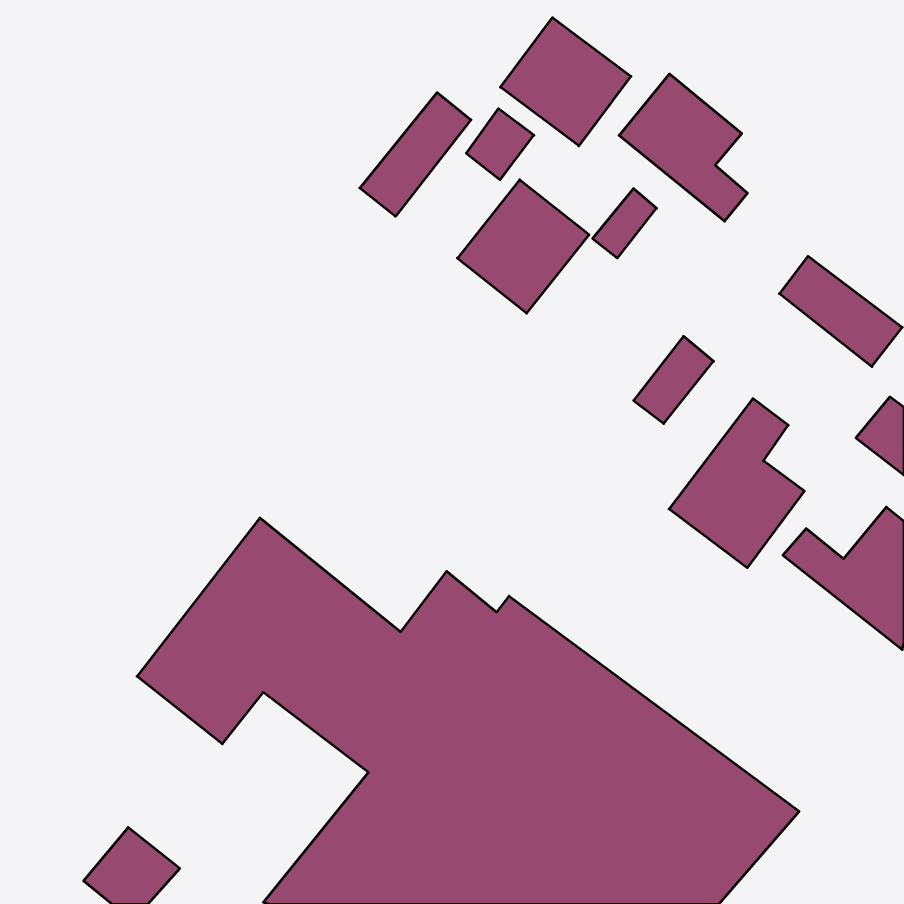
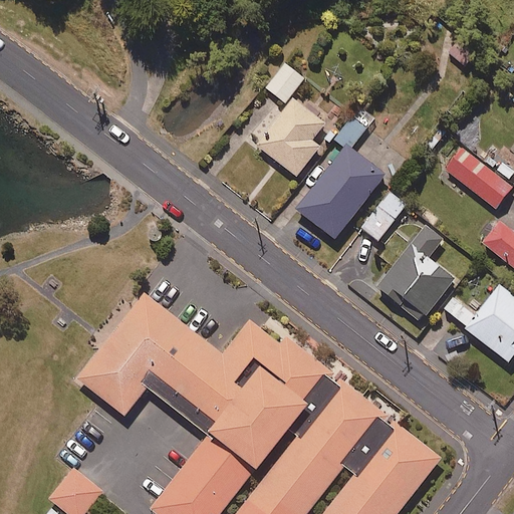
building: [500,18,631,146] -> none
building: [619,74,747,221] -> none
building: [360,93,471,216] -> none
building: none -> [295,148,387,241]

